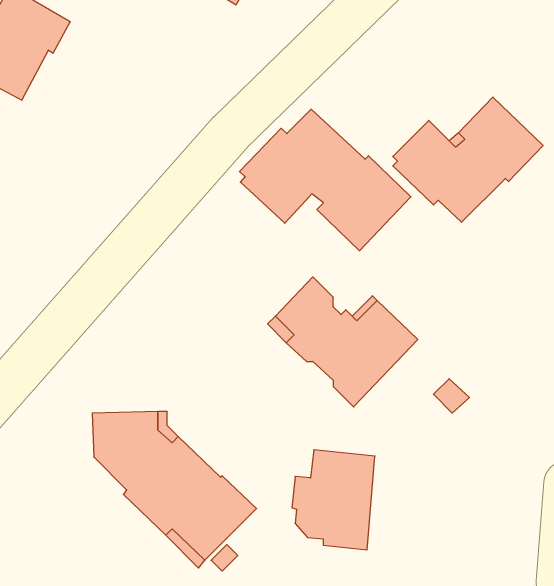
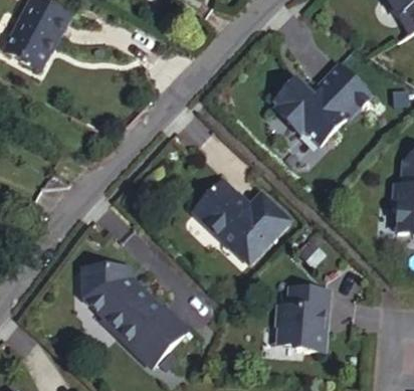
building: [239,109,411,251] -> none
building: [292,450,375,550] -> [275,287,329,352]

